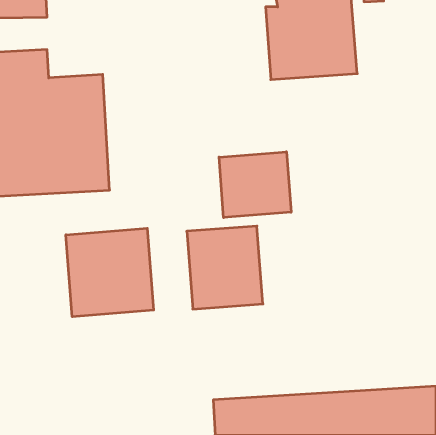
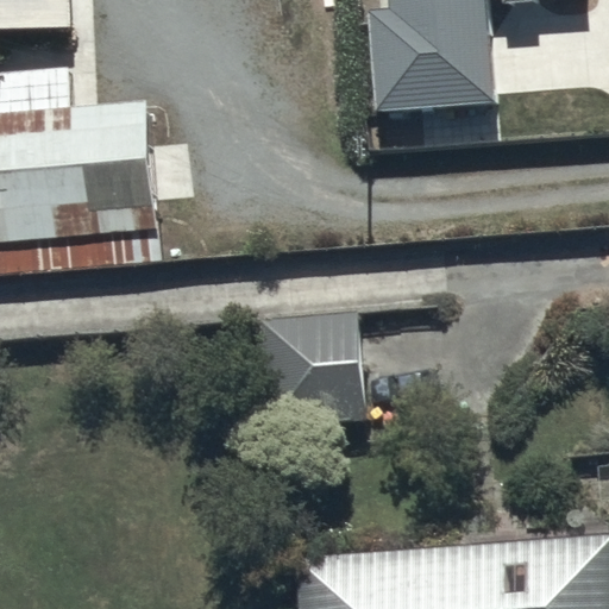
building: [219,152,291,218] -> none
building: [66,228,154,317] -> none

